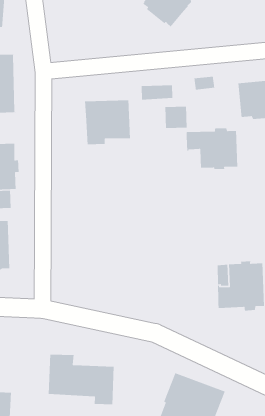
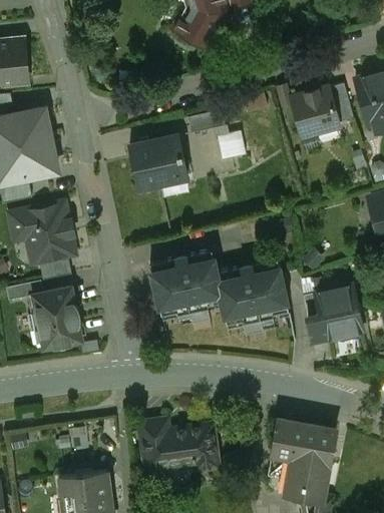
building: [186,128,238,170] -> none
building: none -> [149,249,288,333]

